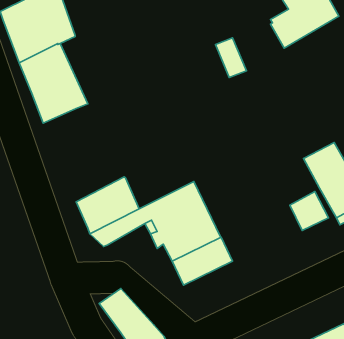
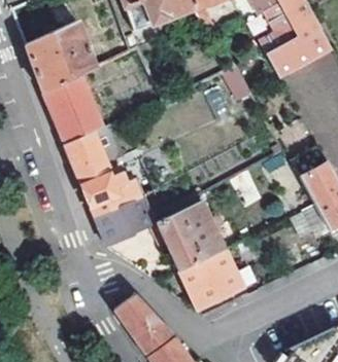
building: none -> [65,132,138,216]
building: none -> [192,269,245,311]

